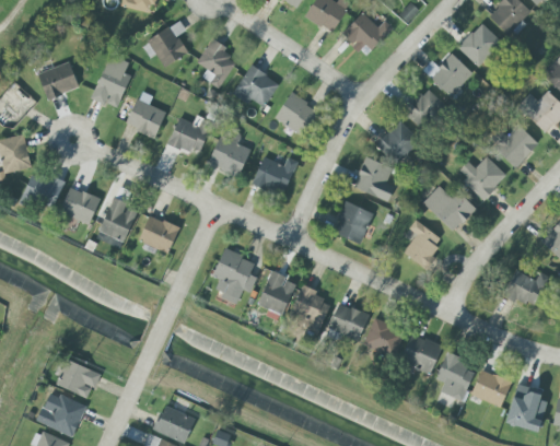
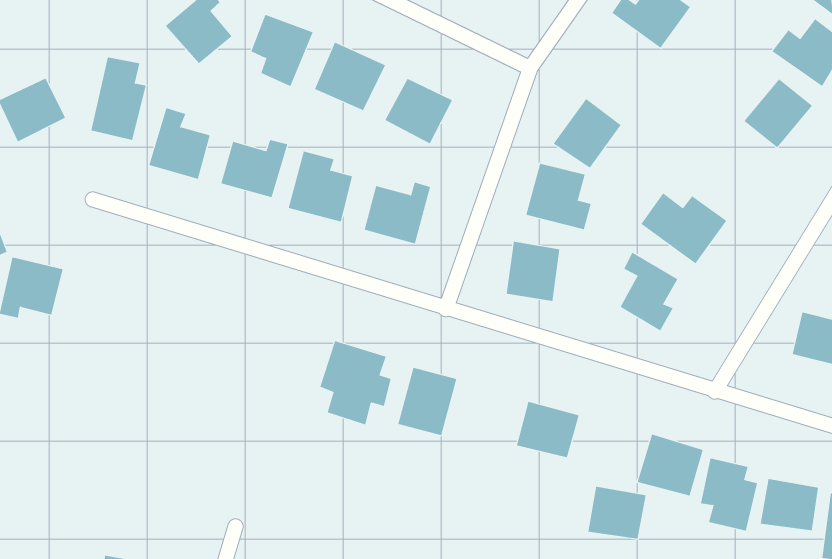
building: [401,87,445,130] -> none
building: [456,156,506,199] -> none
building: [59,187,100,224] -> none
building: [98,197,136,242] -> none
building: [138,214,178,253] -> none
building: [291,286,328,331] -> none
building: [363,319,402,355] -> [587,486,646,539]

